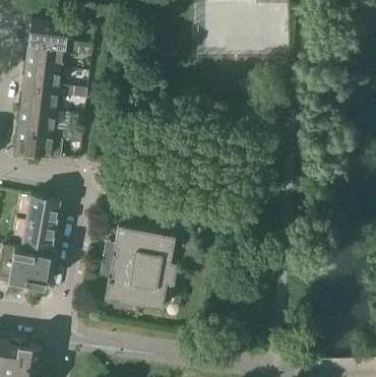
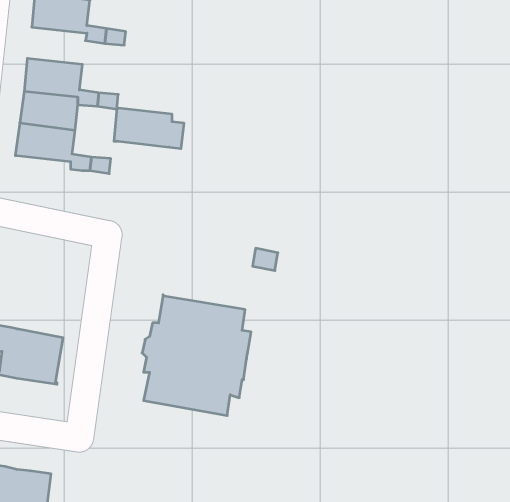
building: [24,43,65,68] -> none
building: [14,130,62,158] -> [114,108,184,149]
building: [12,195,59,246] -> none

